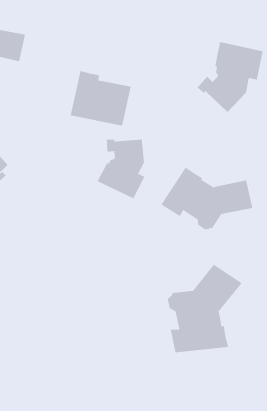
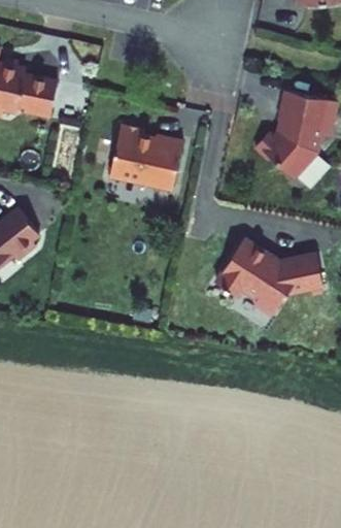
building: [97,139,145,199] -> none
building: [167,264,243,353] -> none

